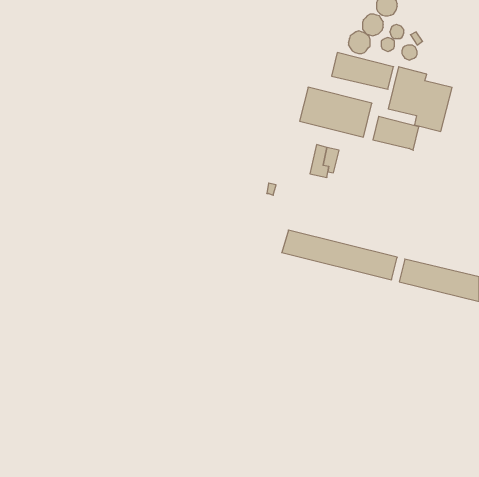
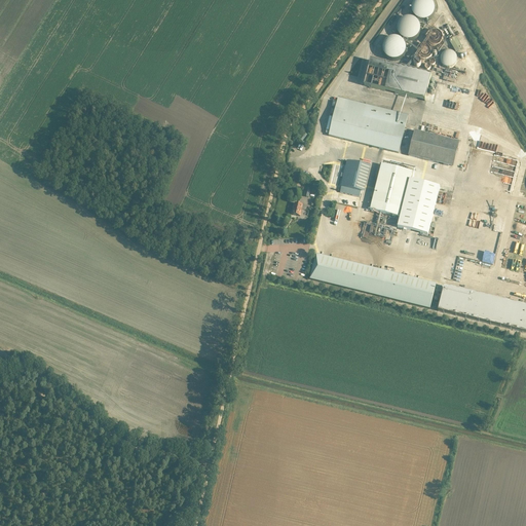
building: [388,67,452,131] -> [369,161,439,232]

